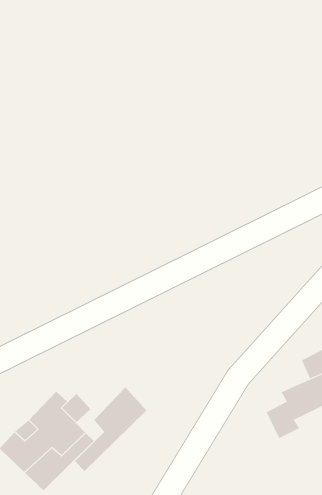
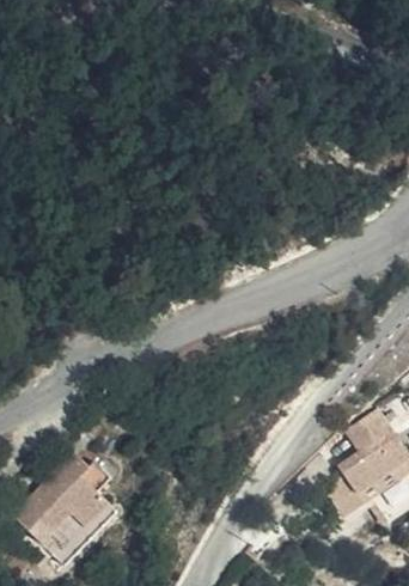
building: [74,387,147,472] -> none

